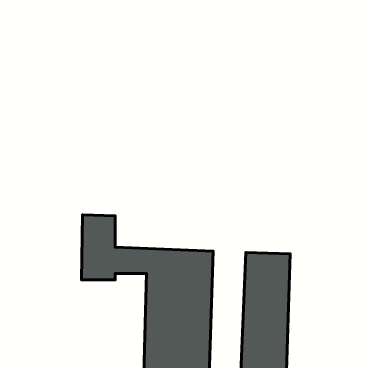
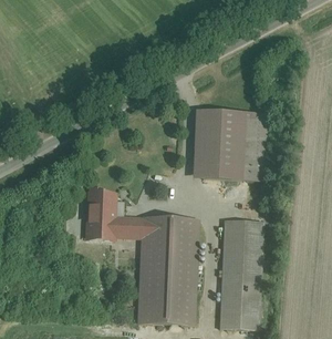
building: none -> [184,112,261,183]

